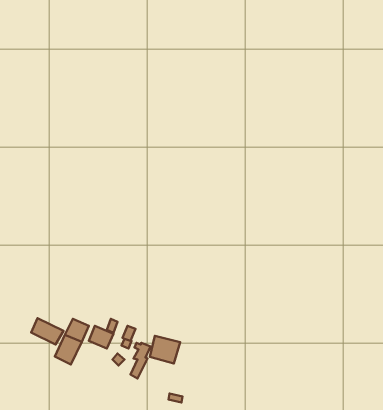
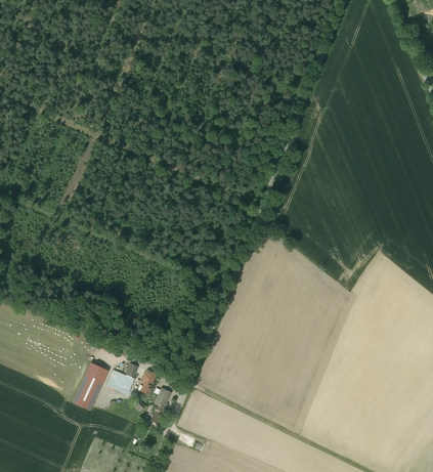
building: [31,318,64,345] -> none
building: [150,336,180,364] -> none

